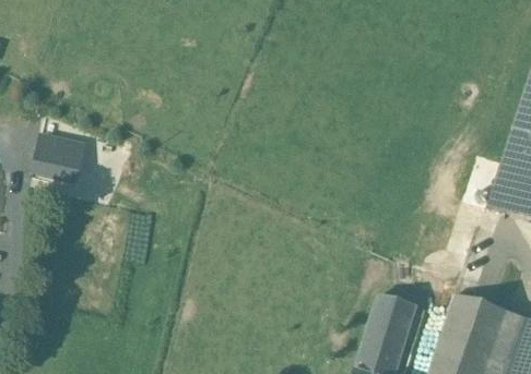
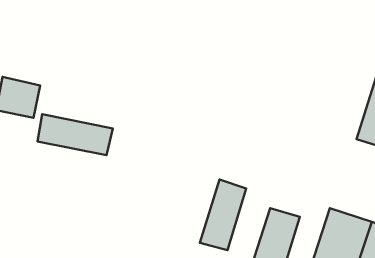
building: none -> [38,114,113,155]
building: none -> [200,180,246,250]

